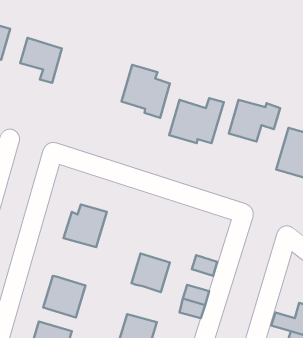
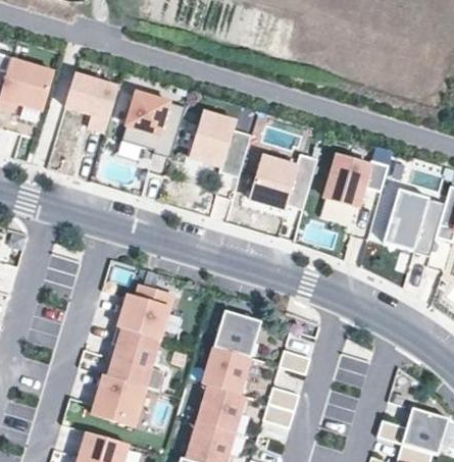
building: none -> [120,92,185,158]
building: none -> [213,310,261,358]
building: none -> [108,326,158,387]
building: none -> [197,386,244,432]

